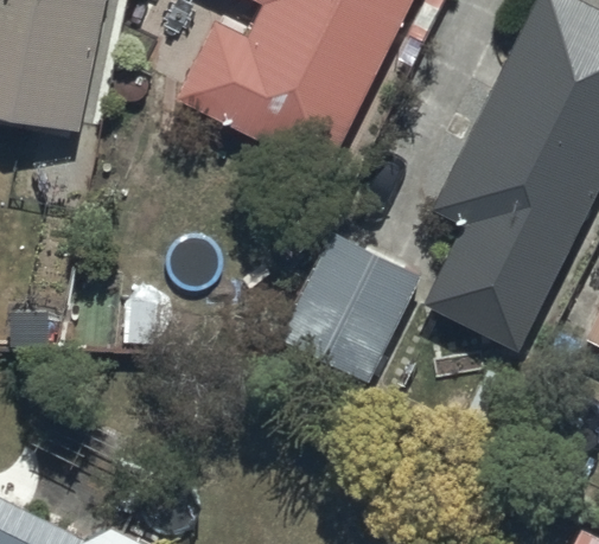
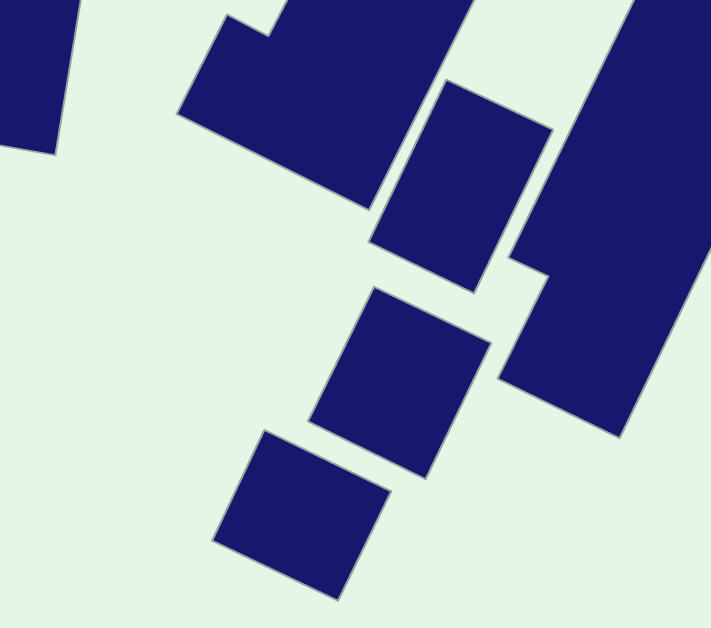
building: none -> [368,80,553,294]
building: none -> [212,430,391,601]

